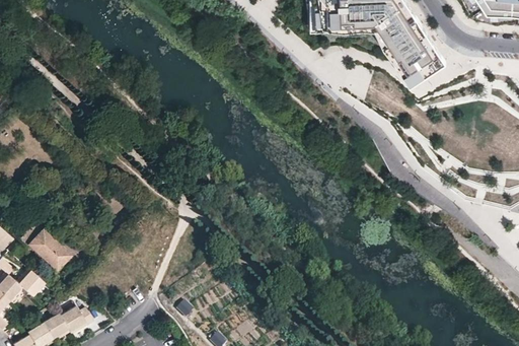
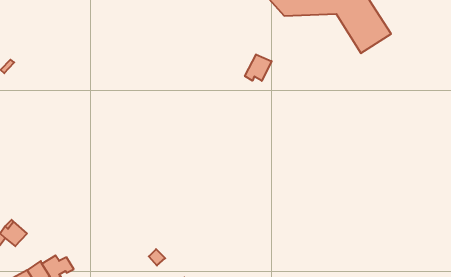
building: none -> [245,54,272,81]
building: [17,226,68,272] -> none

